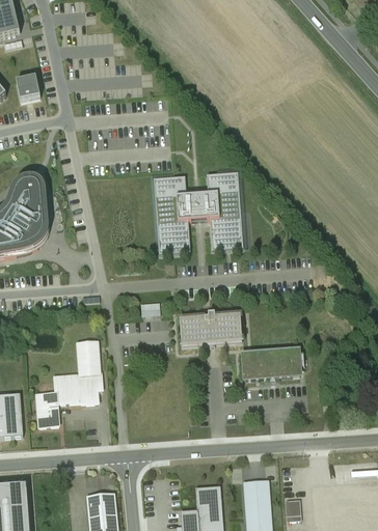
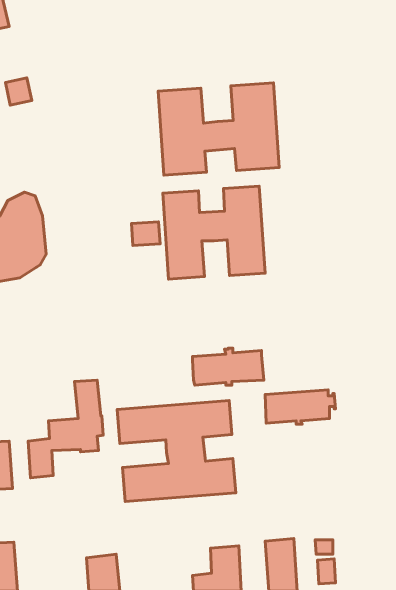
building: none -> [158,83,279,175]
building: none -> [131,222,160,245]
building: none -> [117,401,236,501]

